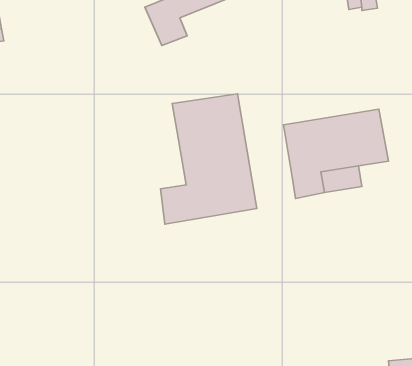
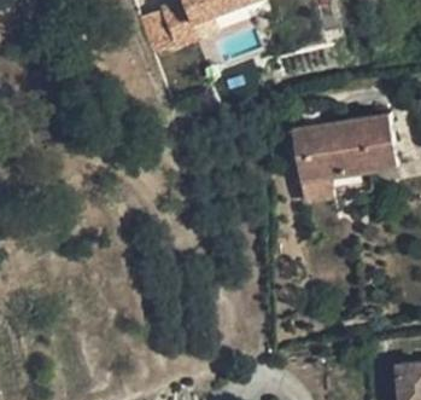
building: [161,94,257,224] -> none

